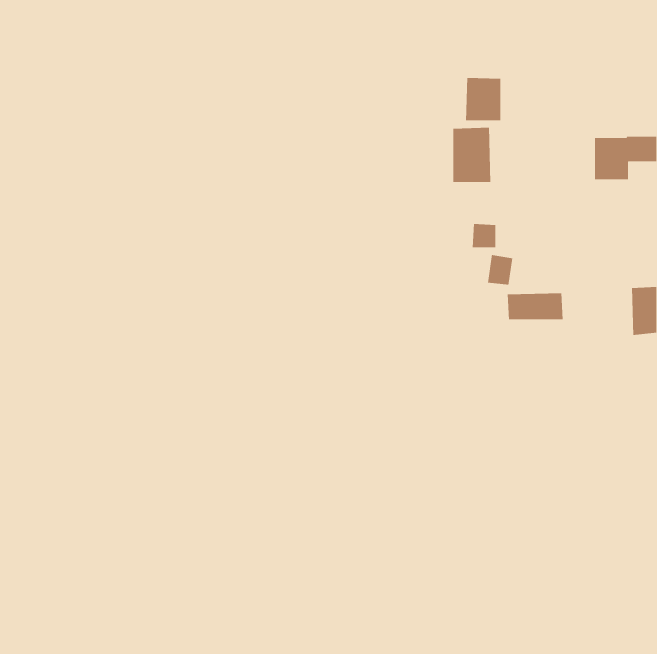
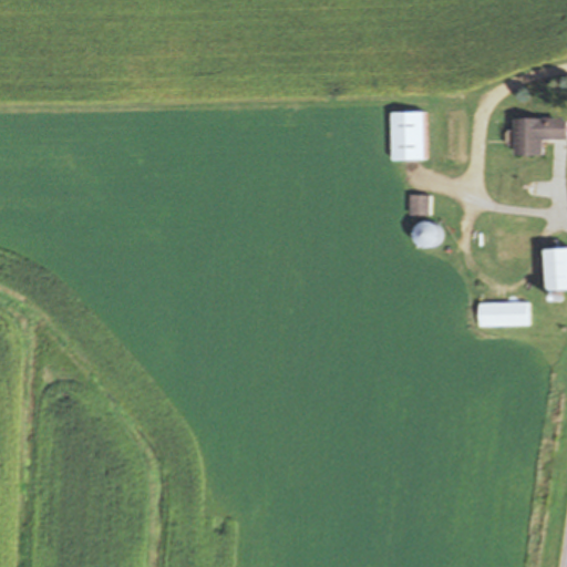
building: [466,77,501,121] -> none
building: [507,293,563,320] -> [477,300,526,323]

